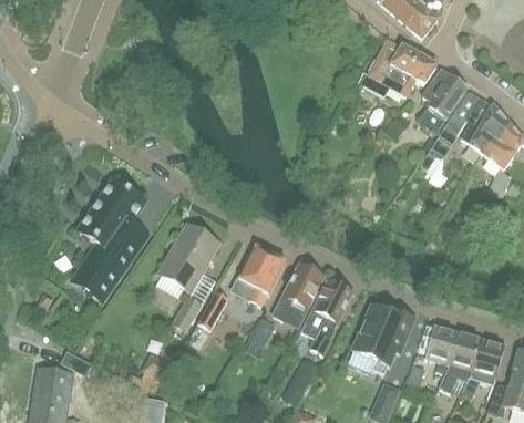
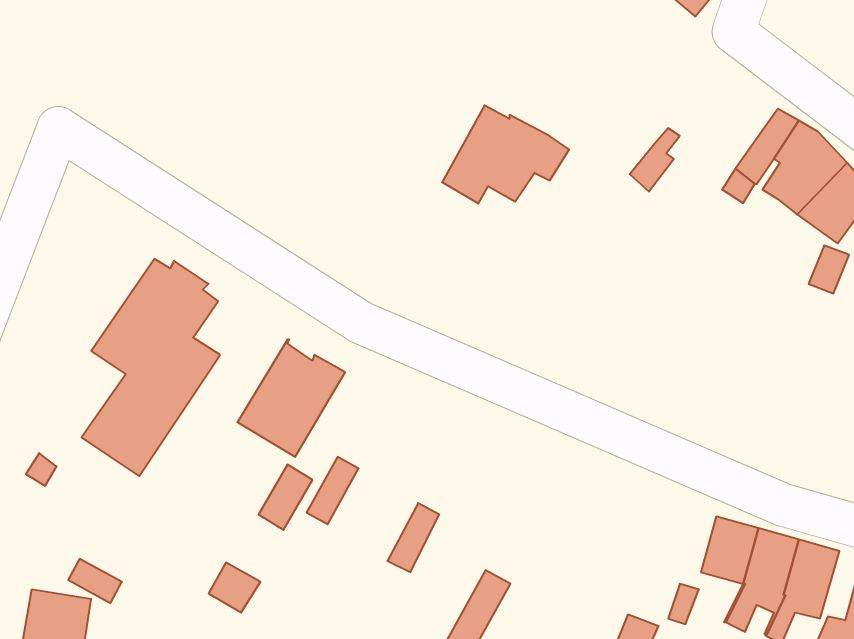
building: [363,40,436,96] -> [442,105,569,203]
building: [423,70,468,118] -> none
building: [240,246,285,306] -> none
building: [273,264,323,323] -> none
building: [302,278,353,355] -> none
building: [348,305,415,373] -> none

